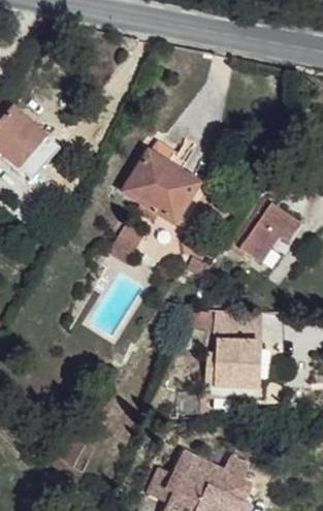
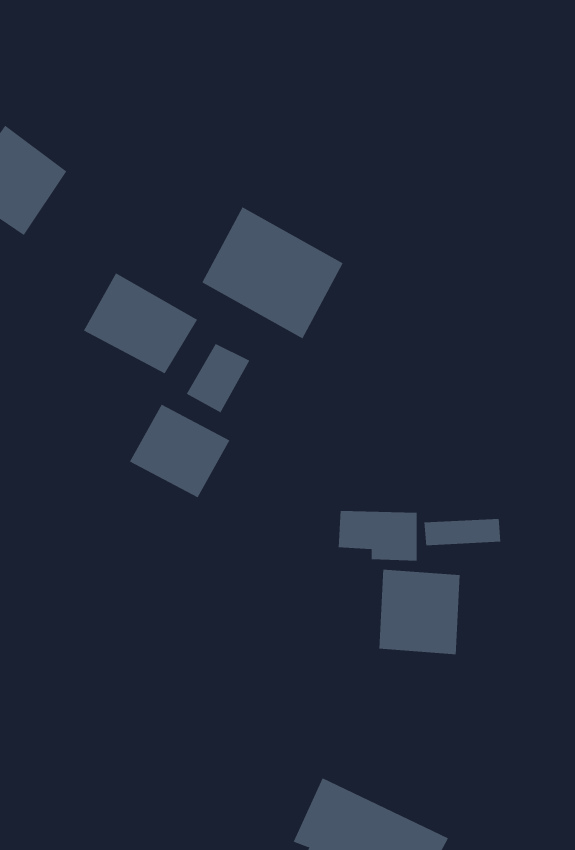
building: none -> [83,272,198,374]
building: [248,199,310,260] -> none
building: none -> [129,404,230,498]

